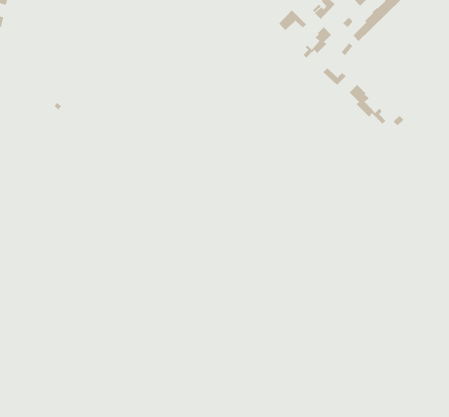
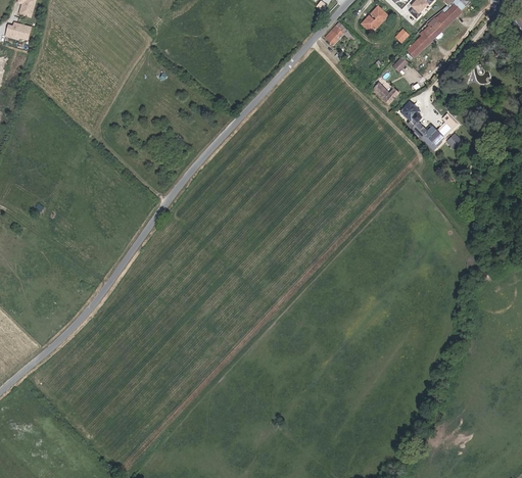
building: [303,27,332,59] -> none

